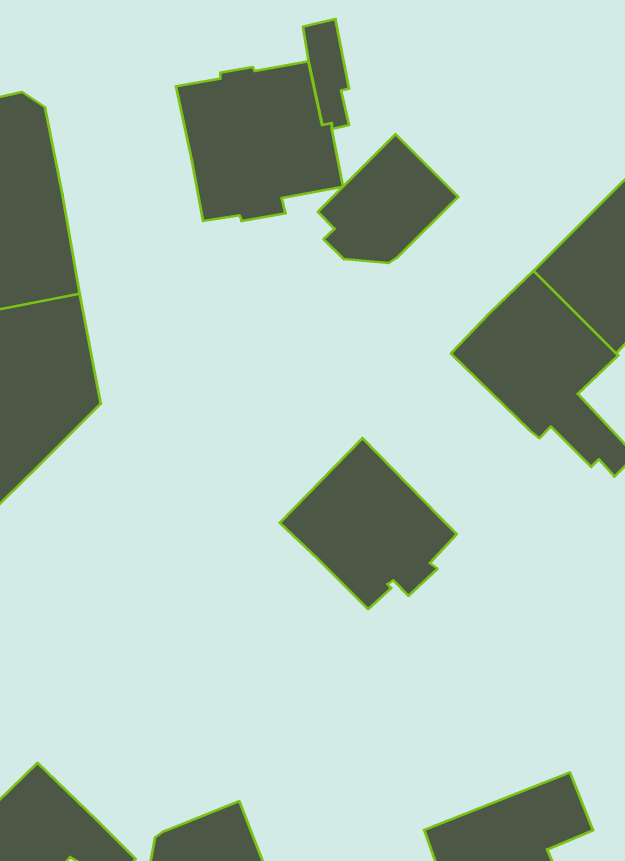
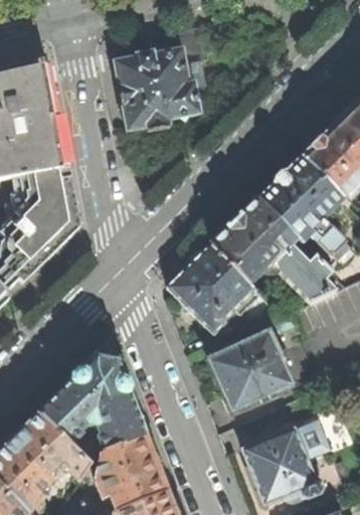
building: [318,134,458,263] -> none
building: none -> [209,199,335,304]
building: none -> [207,333,291,410]
building: none -> [39,354,145,450]

